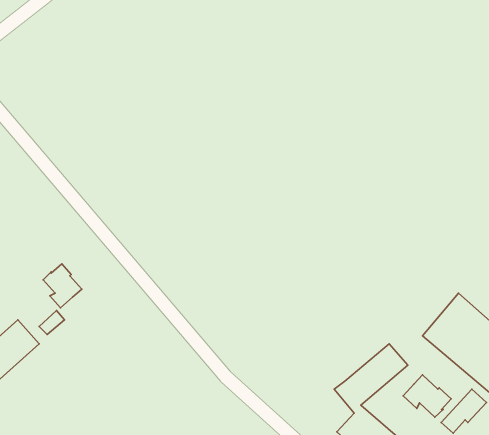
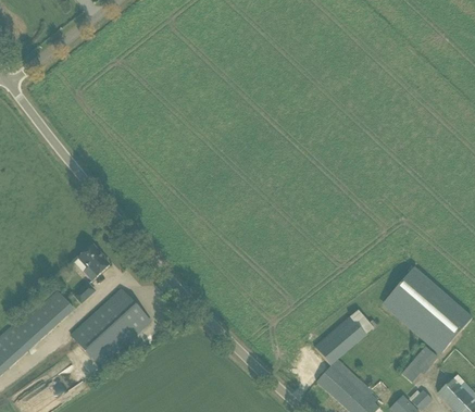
building: none -> [70,289,149,366]
building: [403,375,451,417] -> none

